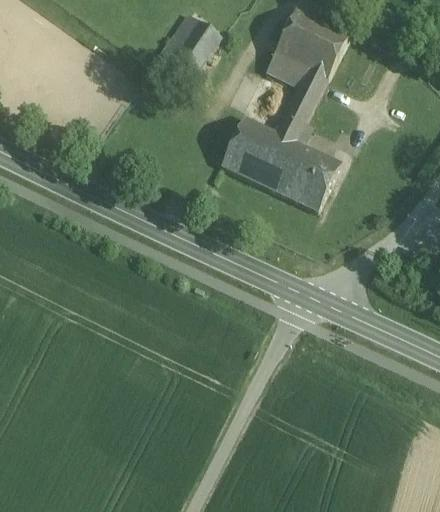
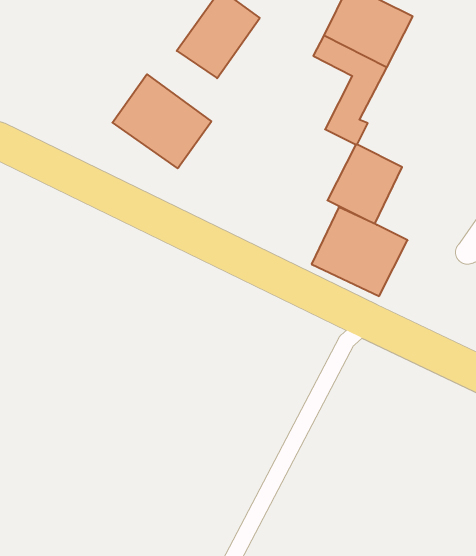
building: none -> [112,74,211,168]
building: [221,116,302,191] -> [312,207,408,296]

